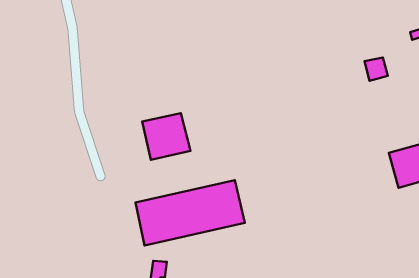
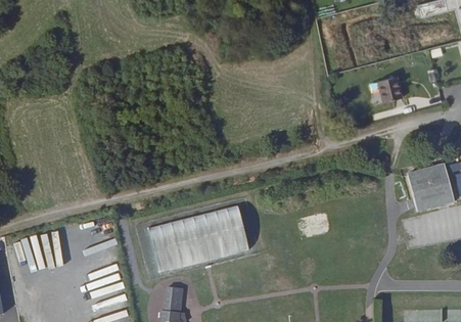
building: [142,113,190,160] -> none

